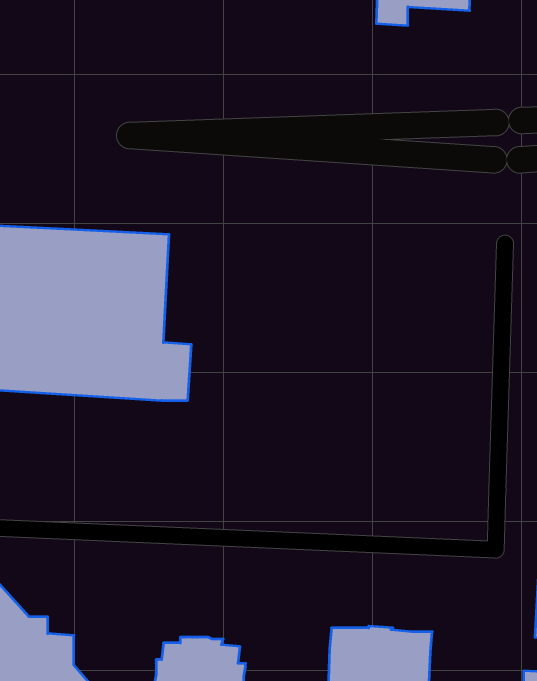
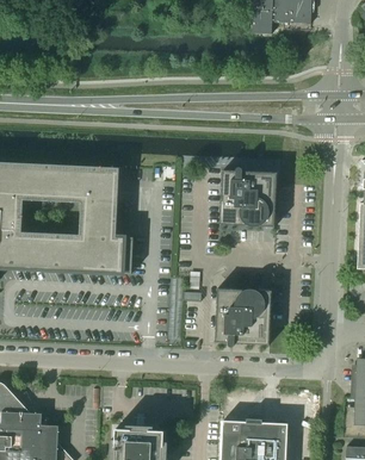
building: none -> [221,167,277,226]
building: none -> [215,287,272,347]

